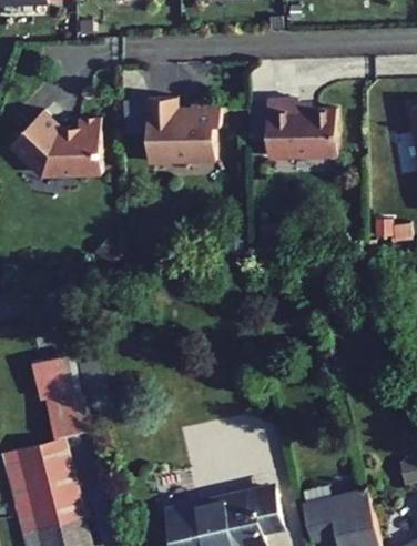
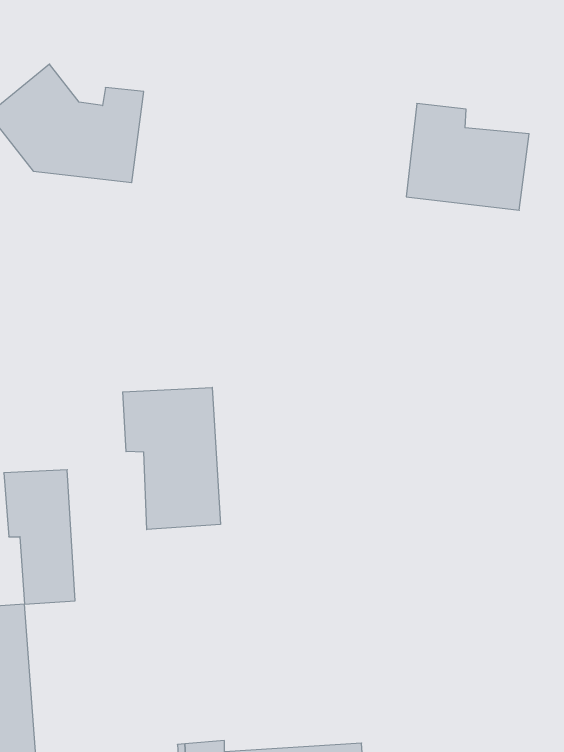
building: [142,101,214,164] -> none
building: none -> [123,387,220,530]

